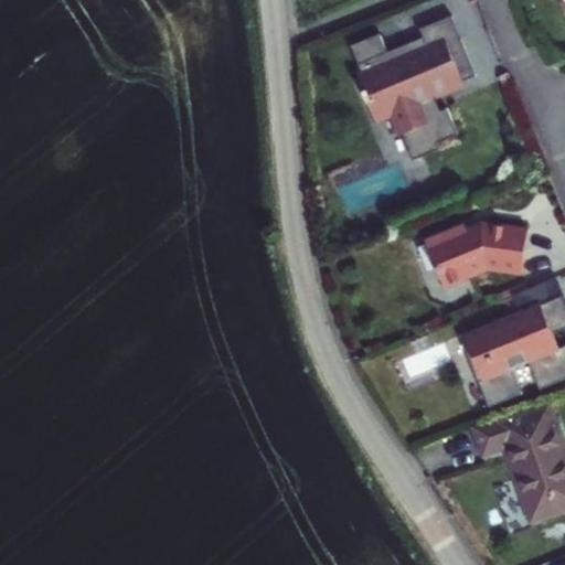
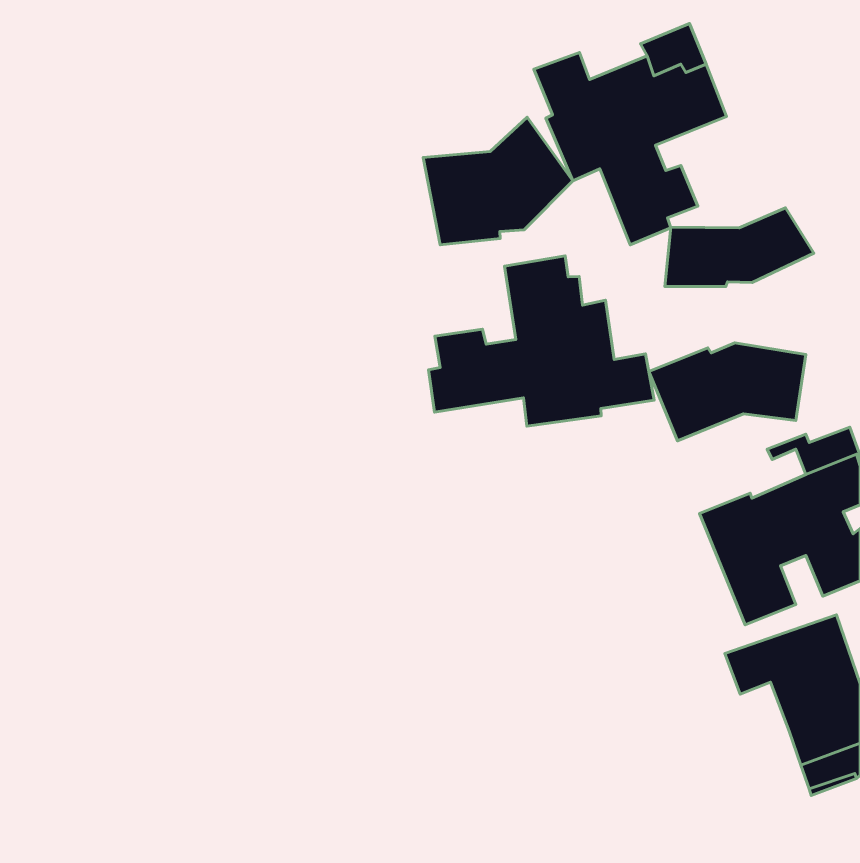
building: none -> [423,117,573,245]
building: none -> [665,208,814,287]
building: none -> [429,256,654,426]

